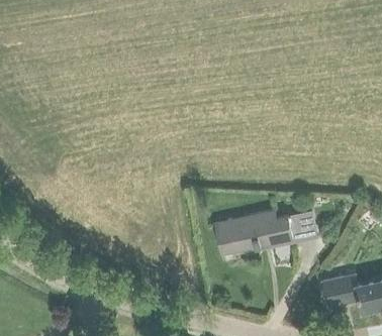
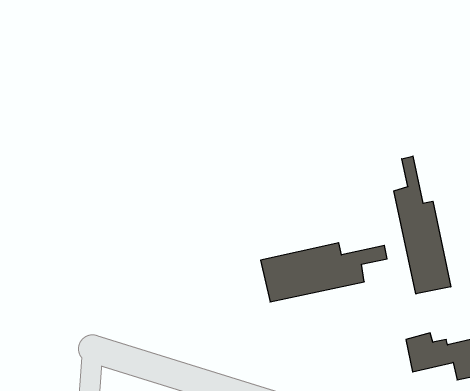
building: none -> [394,156,451,294]

